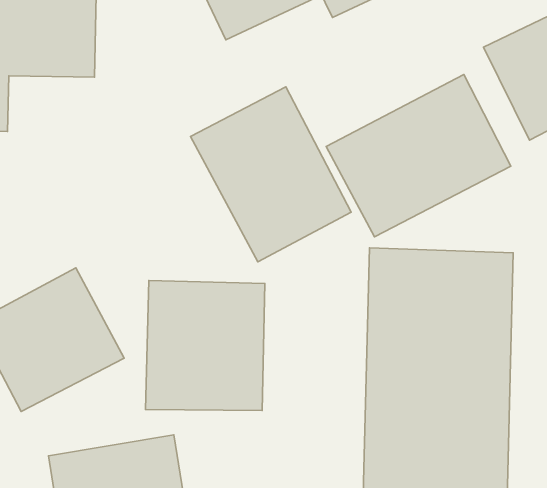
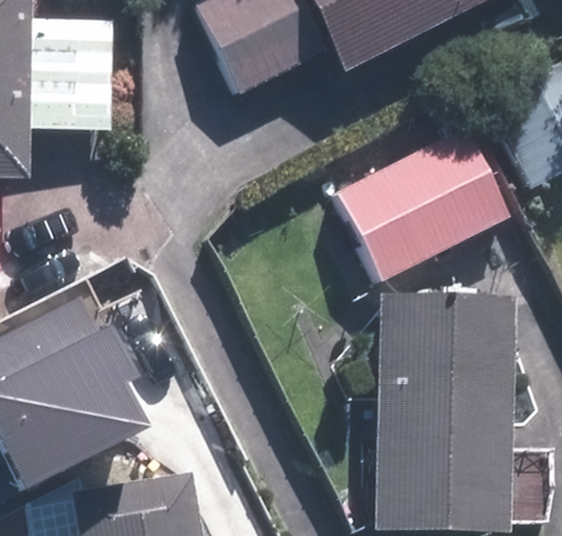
building: [191,87,351,262] -> none
building: [146,280,265,411] -> none

